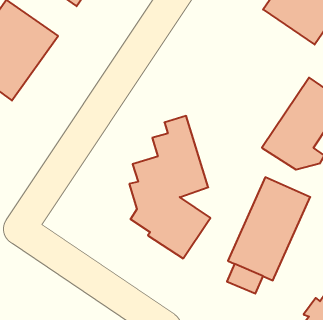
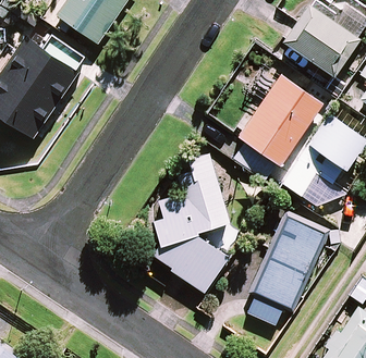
building: none -> [232,73,322,180]

